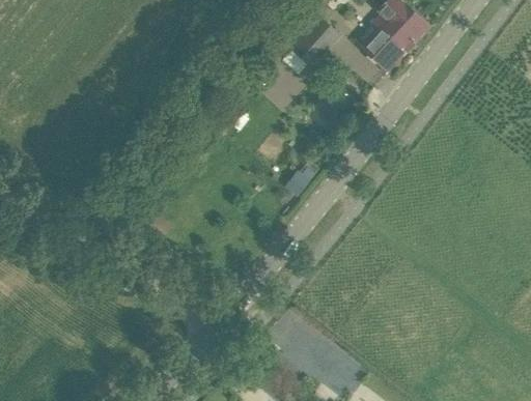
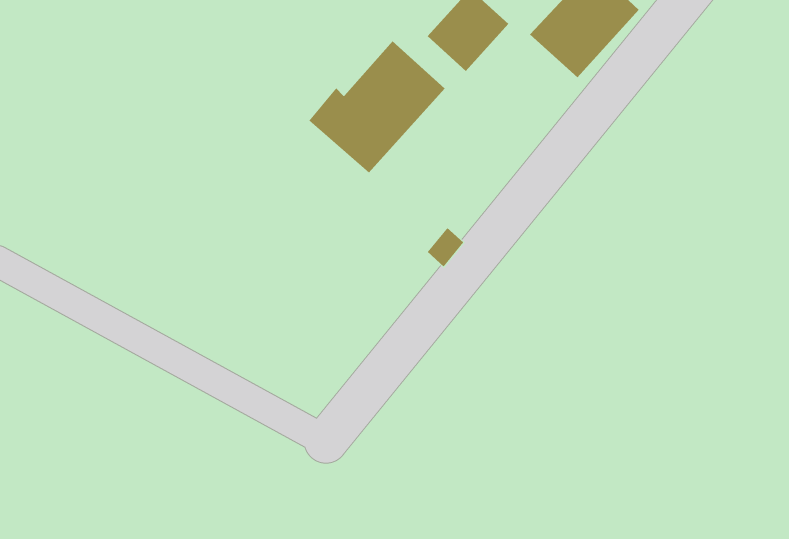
building: none -> [308,40,446,173]

